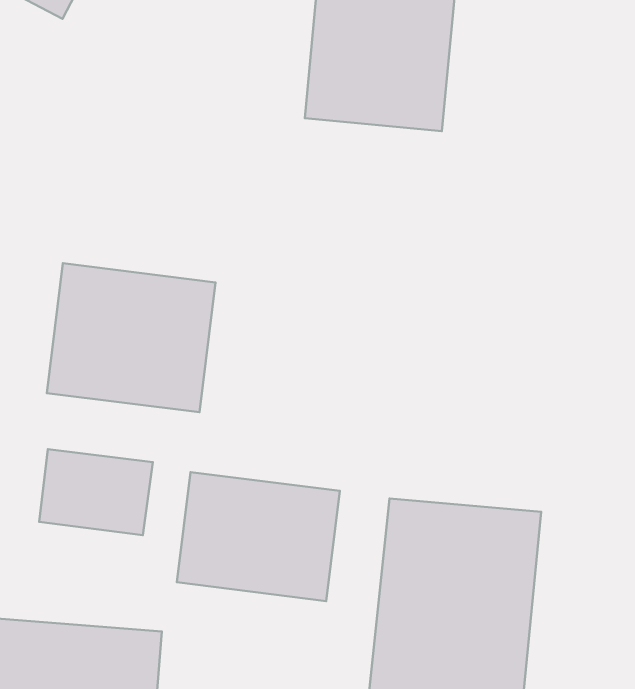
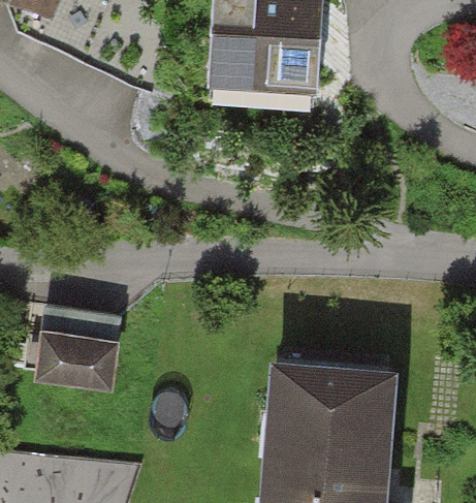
building: [47,263,216,412] -> none
building: [177,472,340,601] -> none

